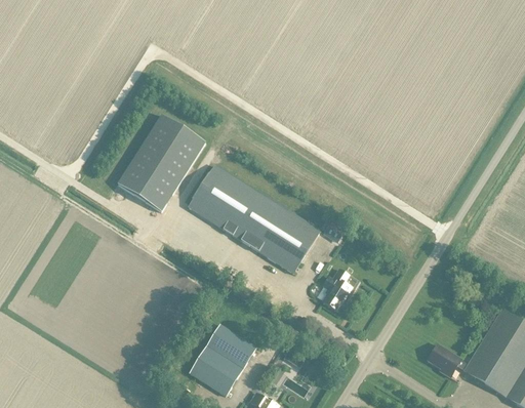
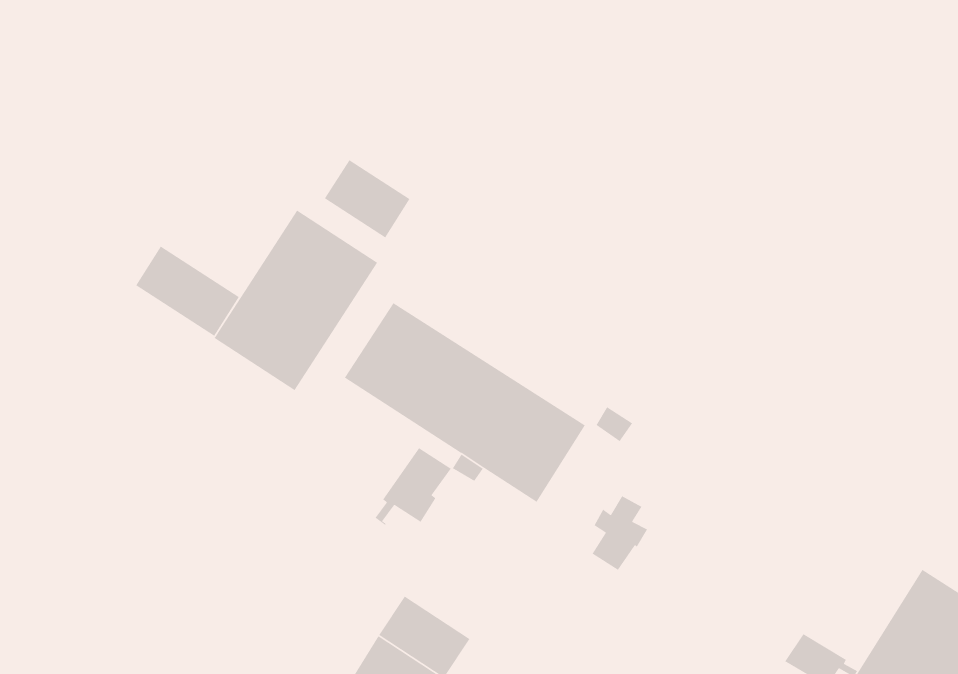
building: none -> [324,159,411,238]
building: none -> [135,246,240,337]
building: none -> [375,447,452,525]

